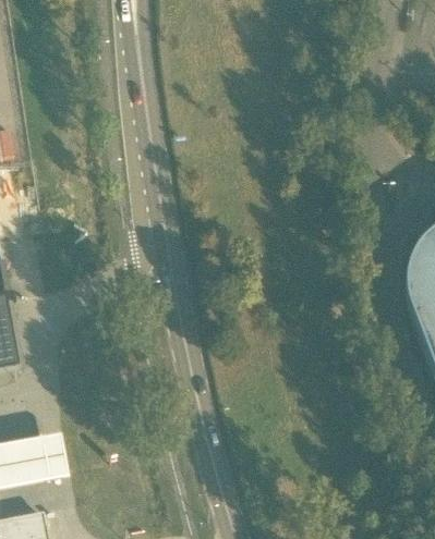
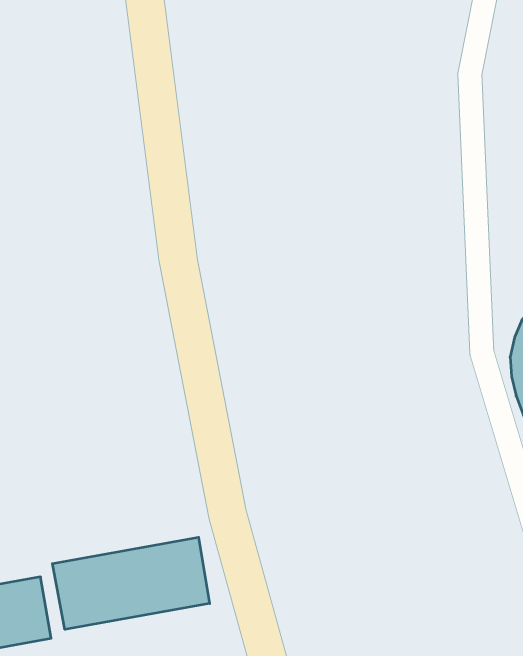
building: none -> [52,537,210,629]

